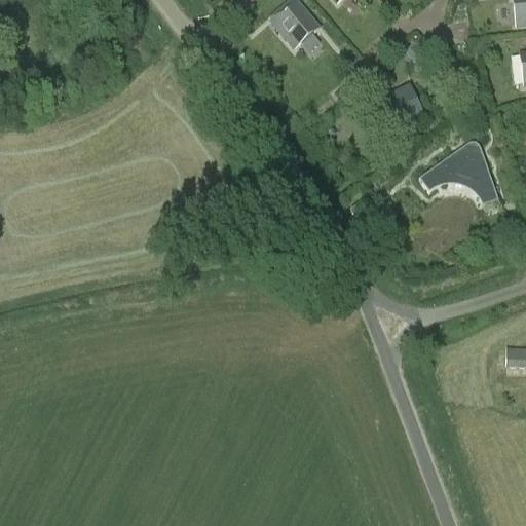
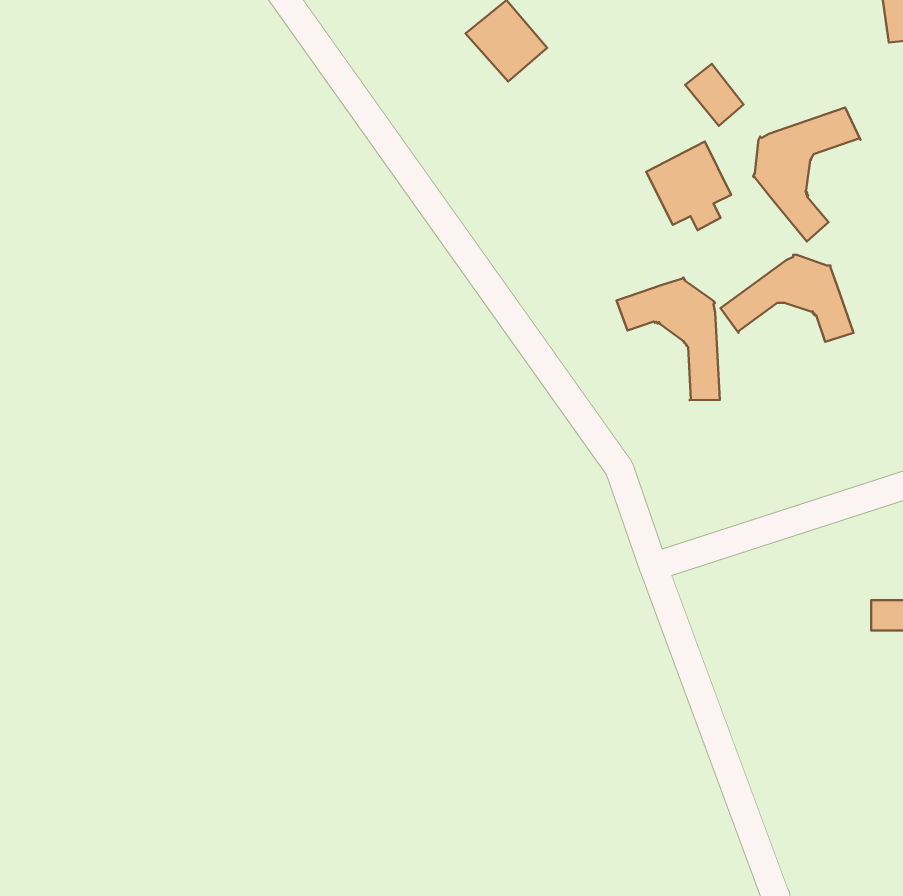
building: none -> [753,108,861,241]
building: none -> [616,278,720,400]

